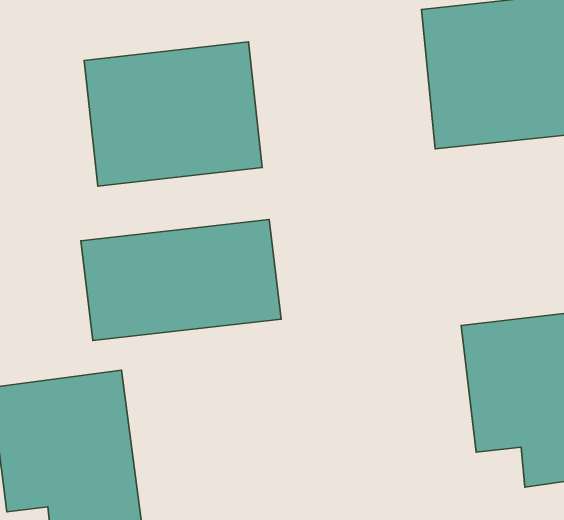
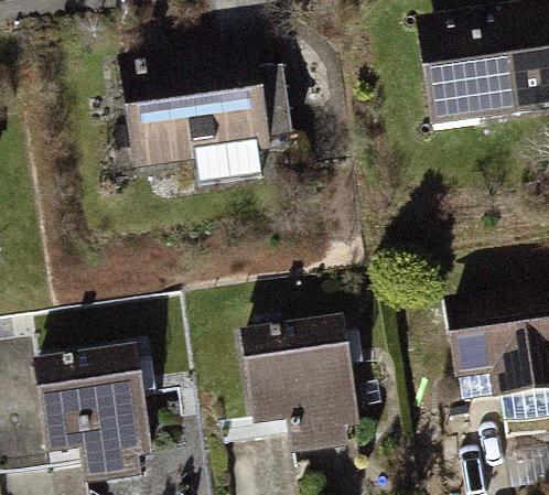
building: [81,219,281,340] -> none
building: none -> [240,319,362,473]

